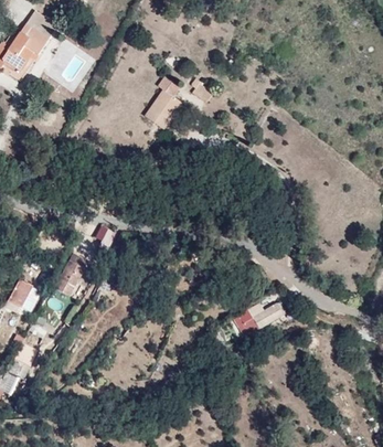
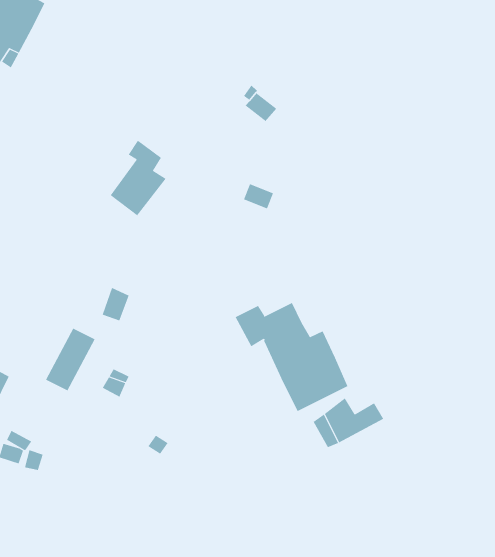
building: [146,78,184,130] -> [110,140,167,216]
building: none -> [235,302,348,412]

